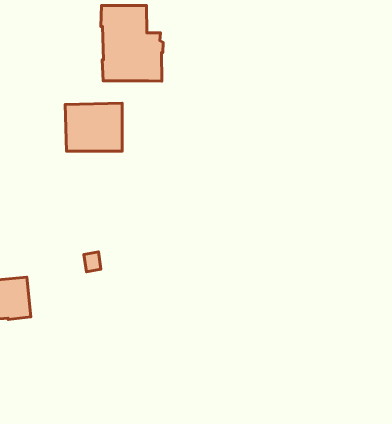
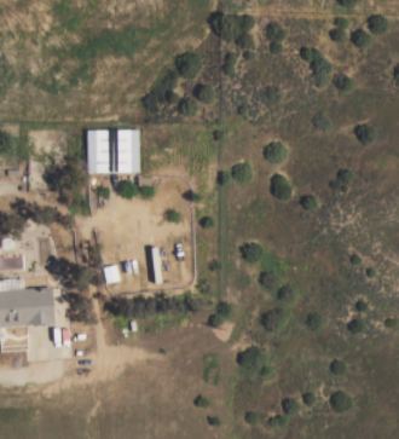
building: [101,6,163,81] -> none

